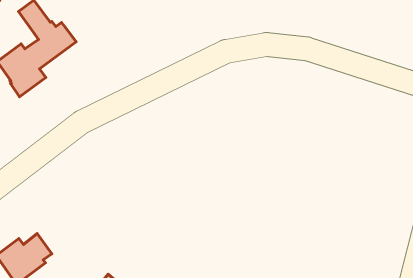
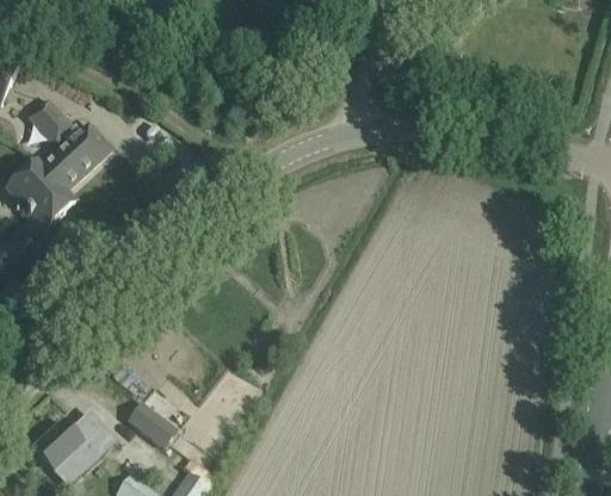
building: none -> [129,405,181,452]

